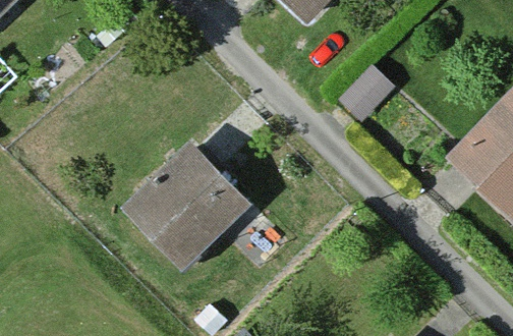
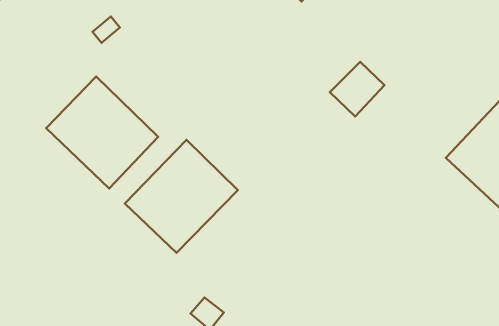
building: none -> [46,77,158,189]

